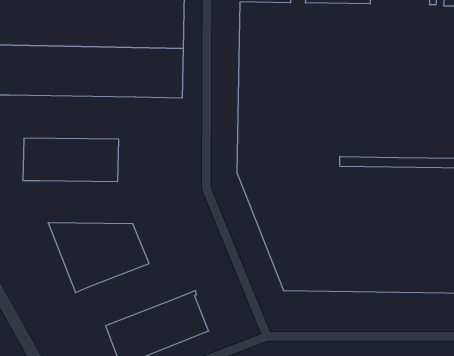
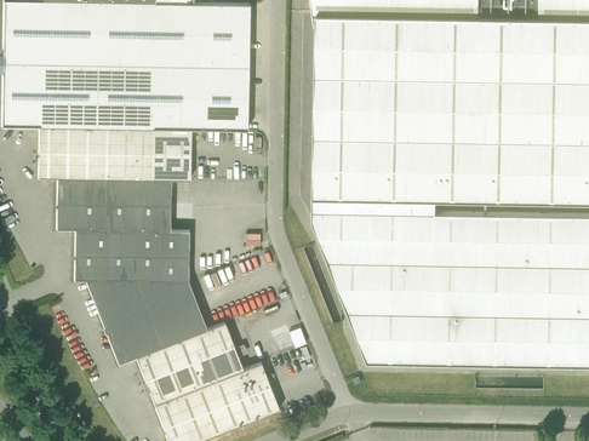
building: none -> [39,127,190,181]
building: none -> [74,230,189,282]
building: none -> [136,323,242,405]

